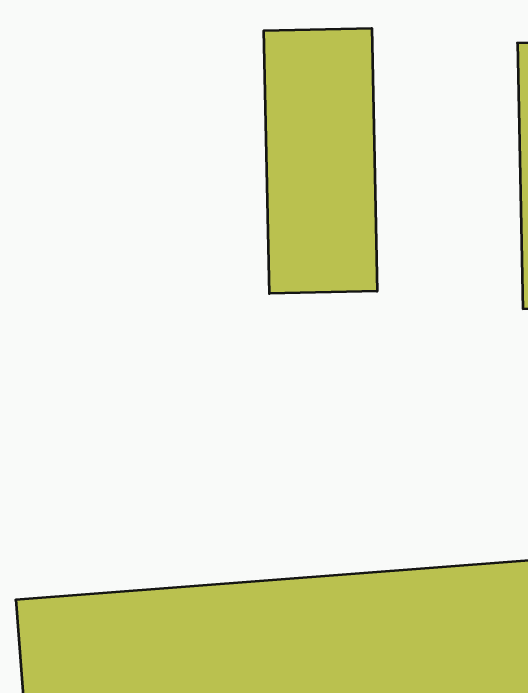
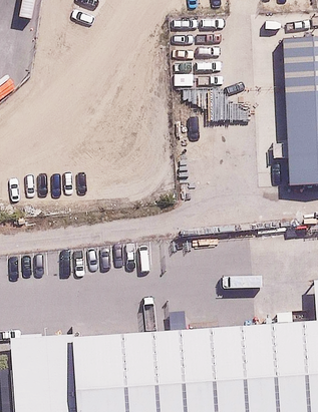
building: [264,28,377,294] -> none

